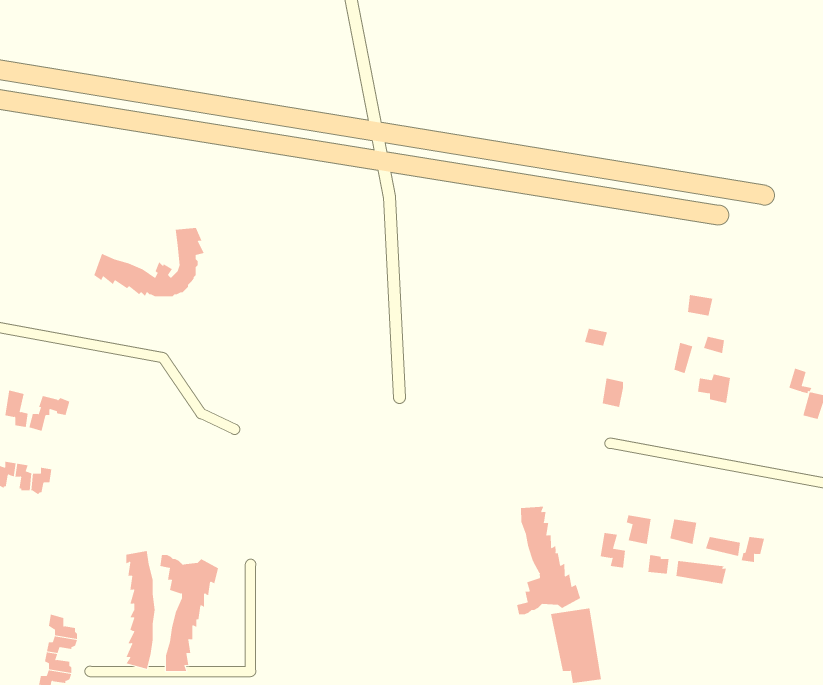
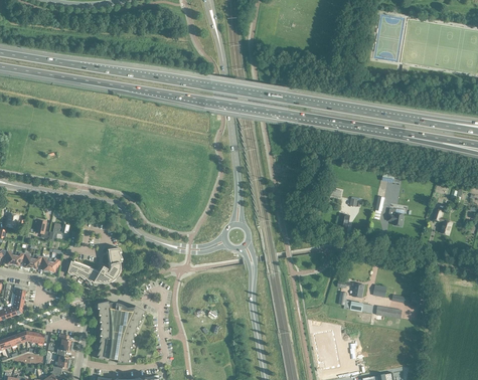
building: [93,227,205,297] -> [66,247,123,282]
building: [516,506,581,615] -> none

